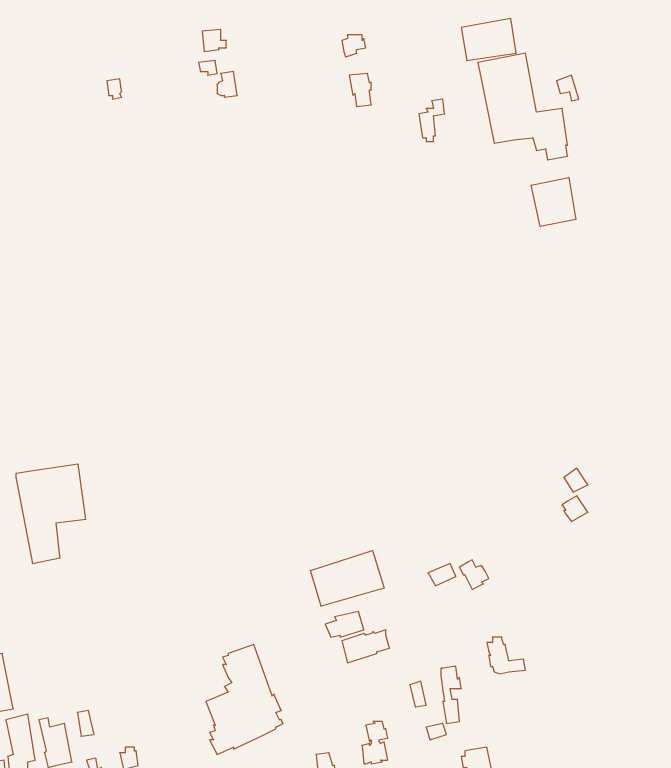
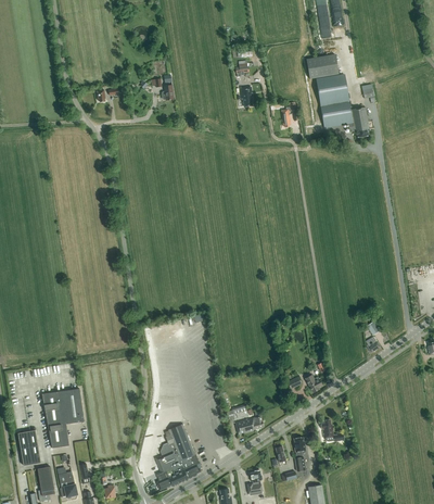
building: [531,177,576,226] -> none
building: [16,464,86,563] -> [42,389,84,448]
building: [310,551,384,606] -> none

